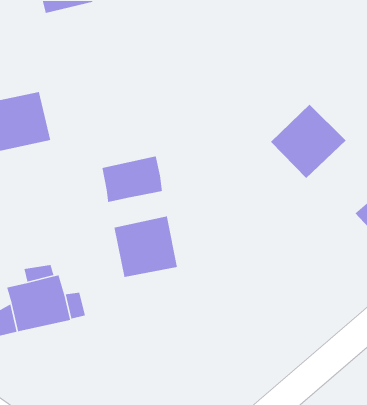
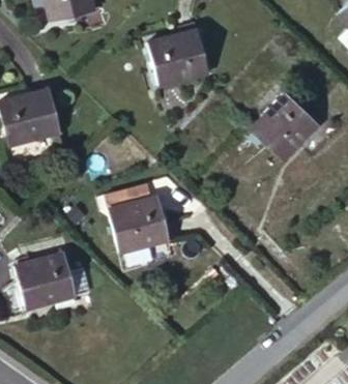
building: none -> [151,31,210,83]
building: [101,156,163,203] -> none

